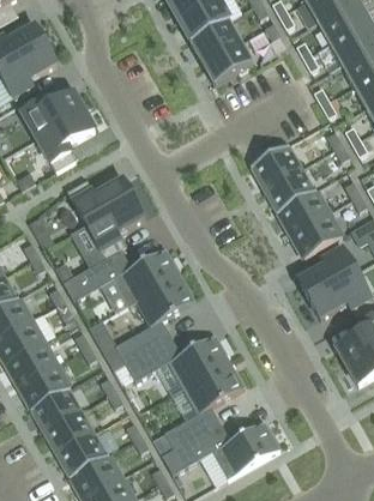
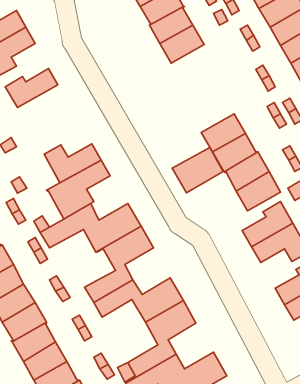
building: [36,110,95,170] -> none
building: none -> [172,148,223,193]

